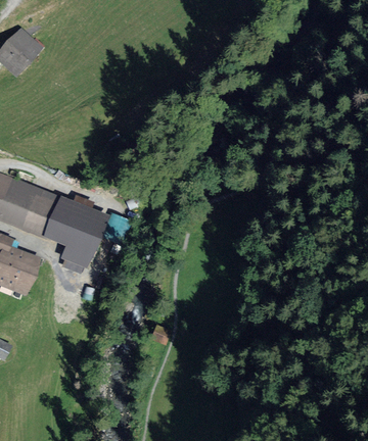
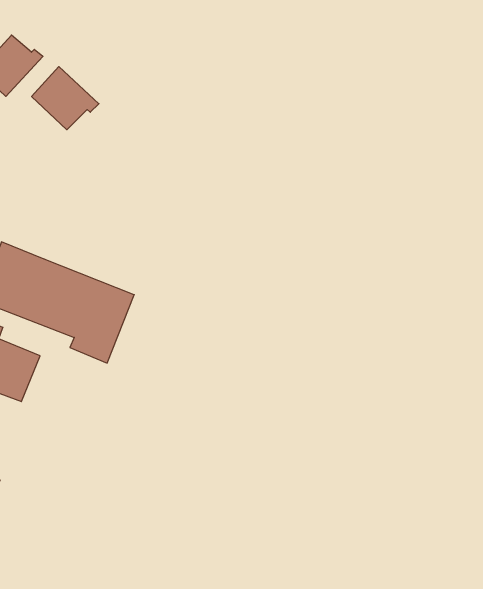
building: none -> [32,67,99,130]

